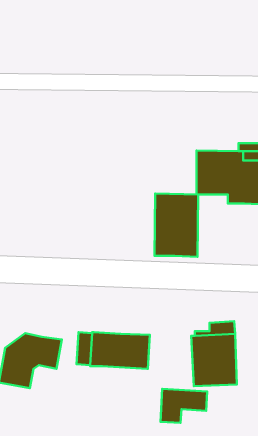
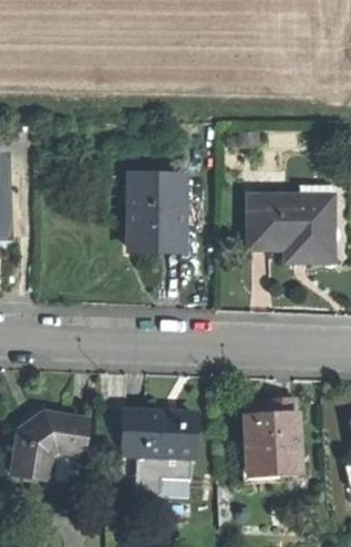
building: [154,194,198,257] -> [132,173,185,249]
building: [160,389,207,423] -> [135,453,192,494]

